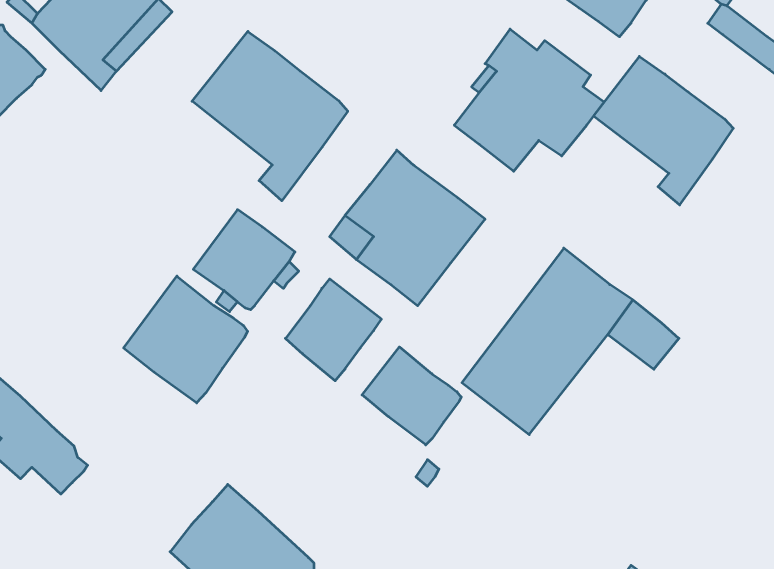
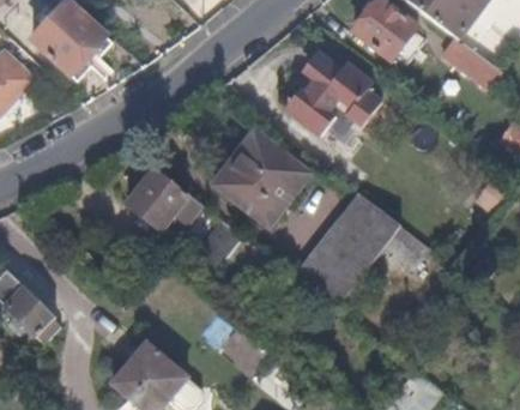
building: [192,31,348,201] -> none
building: [594,56,733,205] -> none
building: [124,276,248,403] -> none
building: [362,347,461,445] -> none

